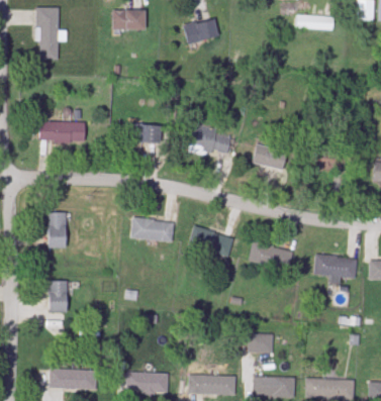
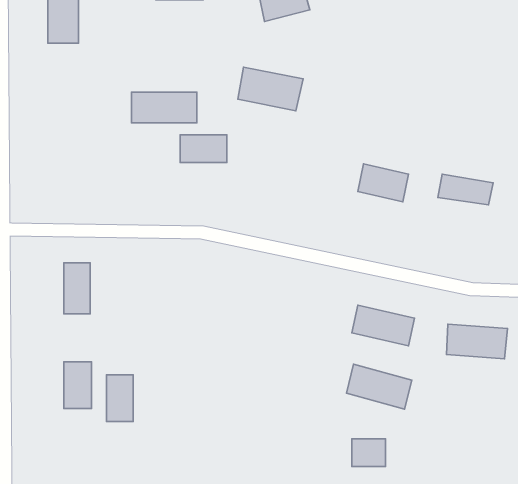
building: [39,121,85,142] -> [131,92,197,123]
building: [187,125,232,156] -> [238,67,303,111]
building: [130,217,174,242] -> none
building: [188,225,233,257] -> [346,364,412,409]
building: none -> [107,375,133,421]

